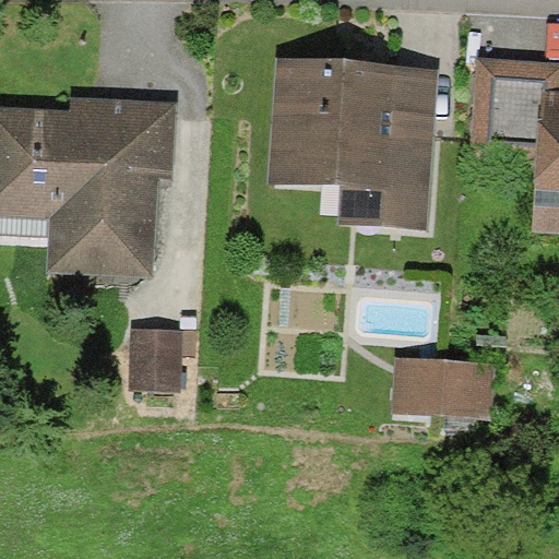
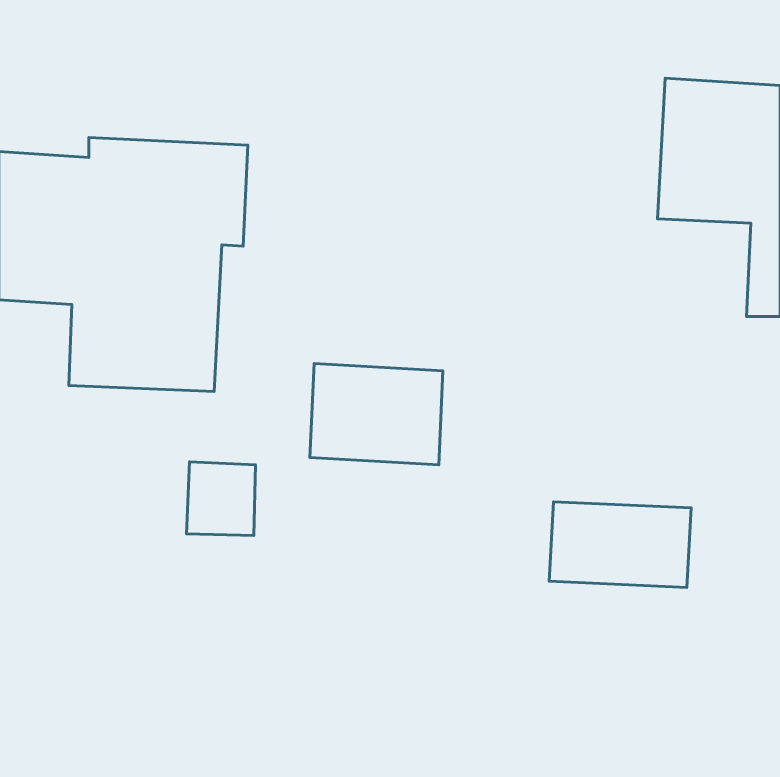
building: [267,61,437,227] -> none
building: none -> [310,364,443,465]

